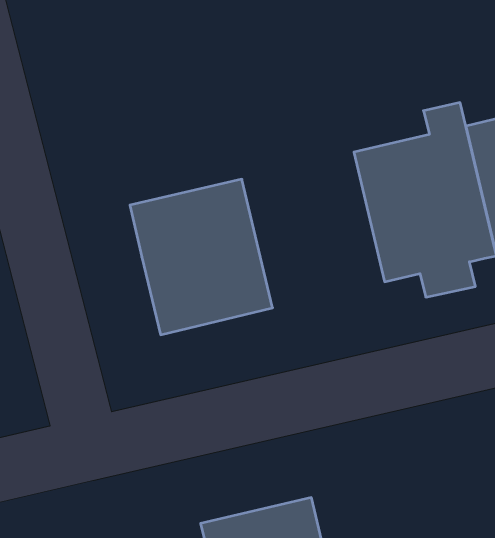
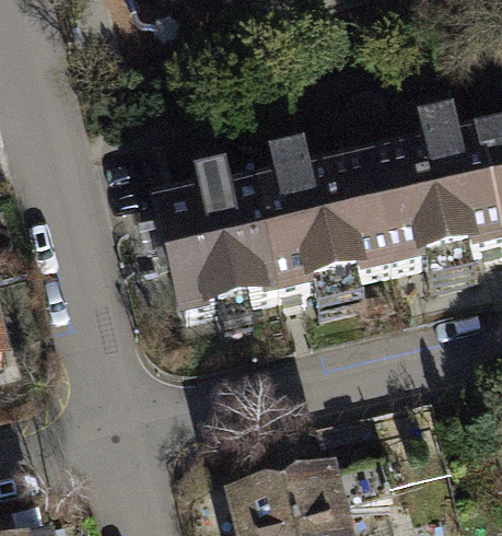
building: none -> [266,139,398,306]

